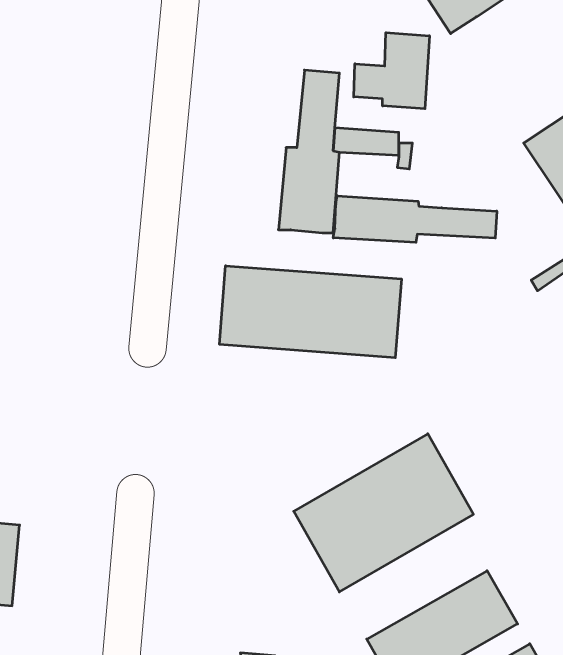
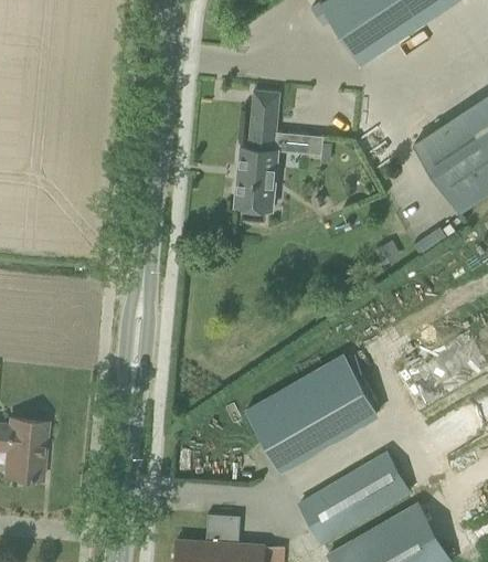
building: [354,33,429,109] -> none
building: [333,196,497,242] -> none
building: [220,266,401,358] -> none

